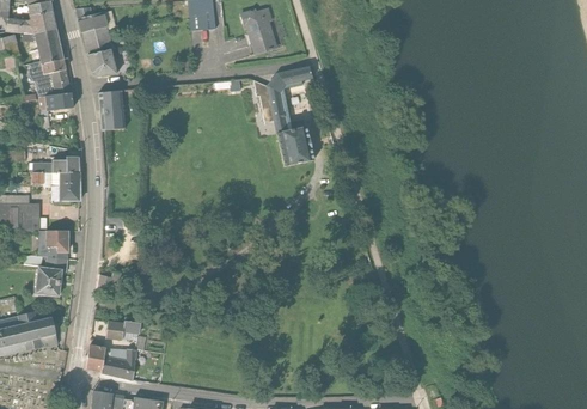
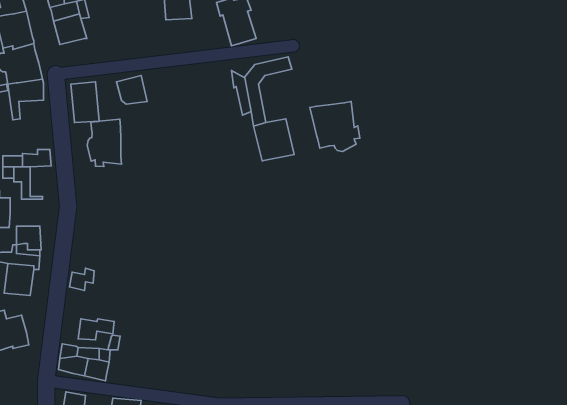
building: [87,48,117,75] -> [116,76,147,104]
building: none -> [310,102,360,152]
building: none -> [87,119,121,166]
building: [59,171,80,201] -> none

